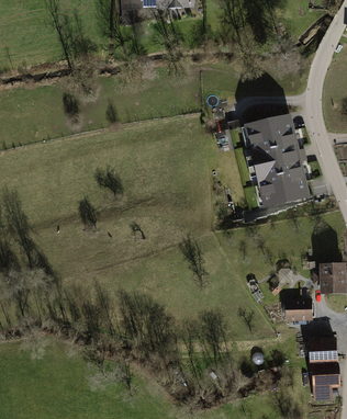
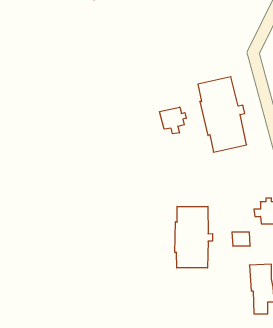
building: none -> [160,107,186,134]
building: none -> [175,206,212,268]

